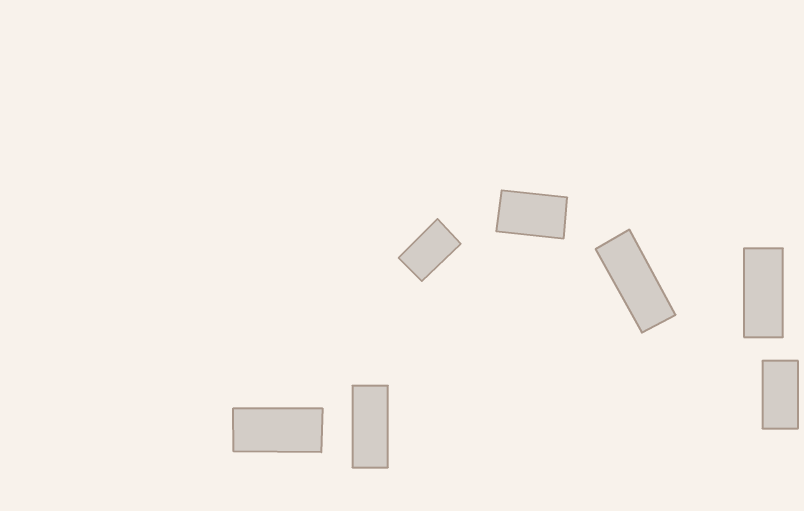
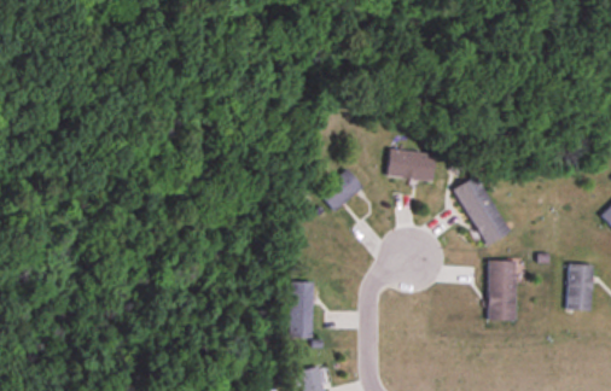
building: [744,248,783,337] -> [489,261,516,321]
building: [233,408,322,452] -> none

